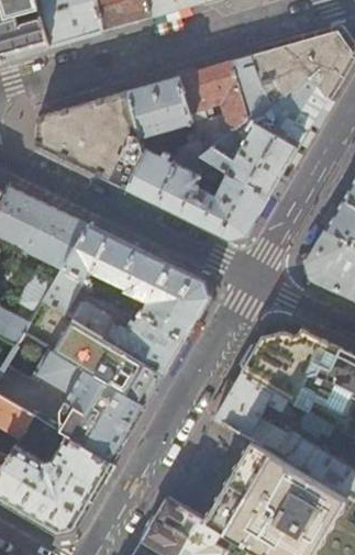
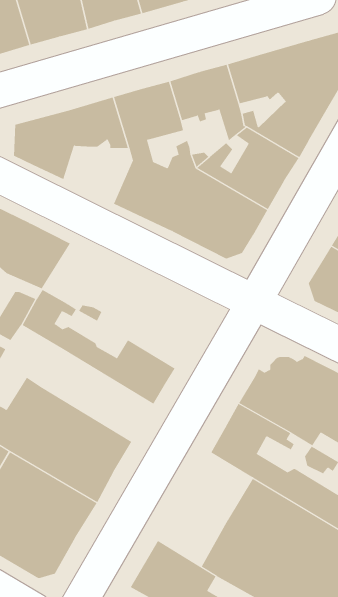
building: [81,136,144,189] -> none
building: [62,225,208,340] -> none
building: [60,322,164,407] -> none

